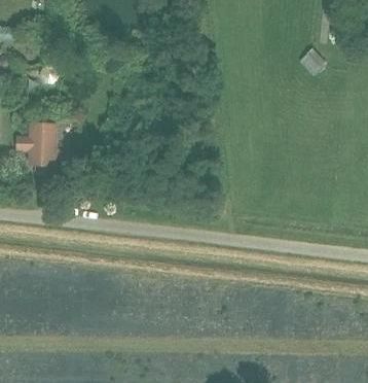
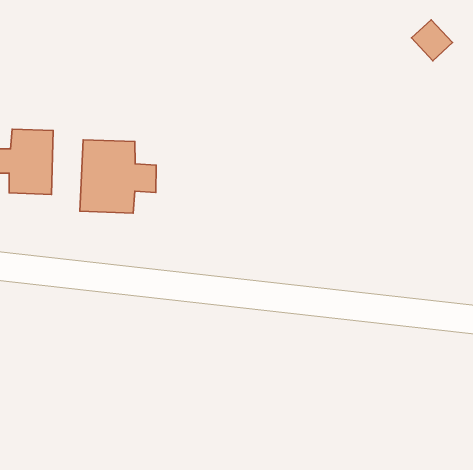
building: none -> [80,140,156,213]

